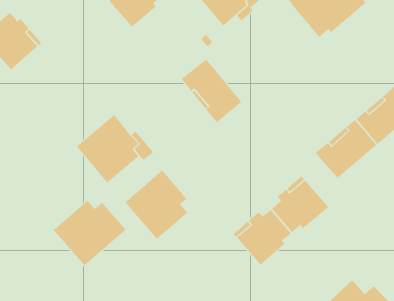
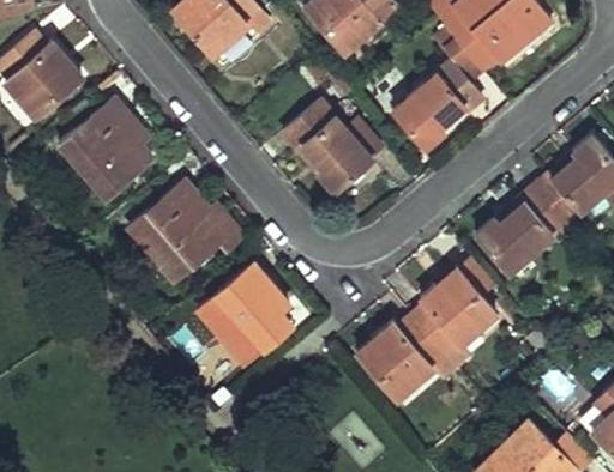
building: none -> [393,63,480,146]
building: none -> [61,99,152,199]
building: [53,200,127,266] -> none

